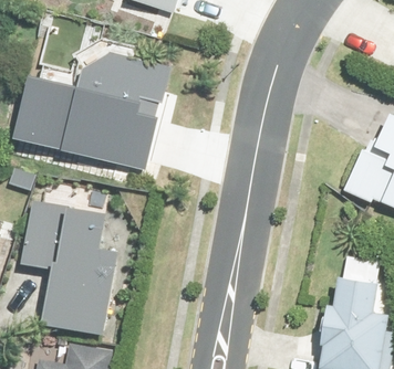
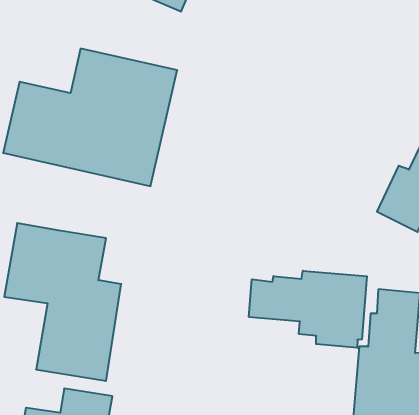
building: none -> [249,271,367,348]

